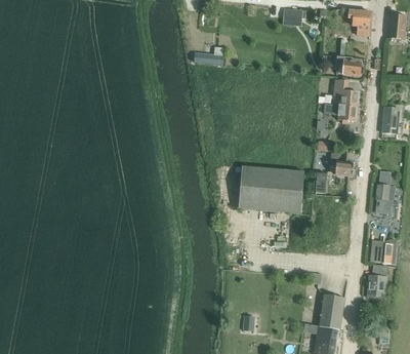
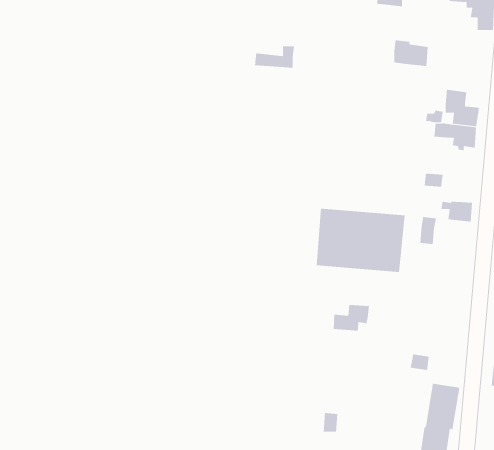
building: [336,56,362,76] -> [393,40,428,67]
building: none -> [333,304,370,332]

